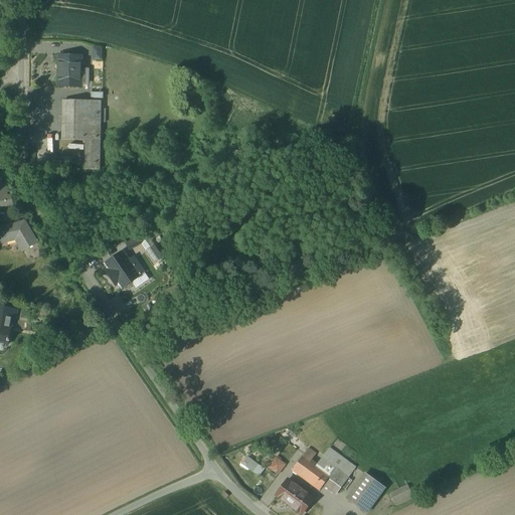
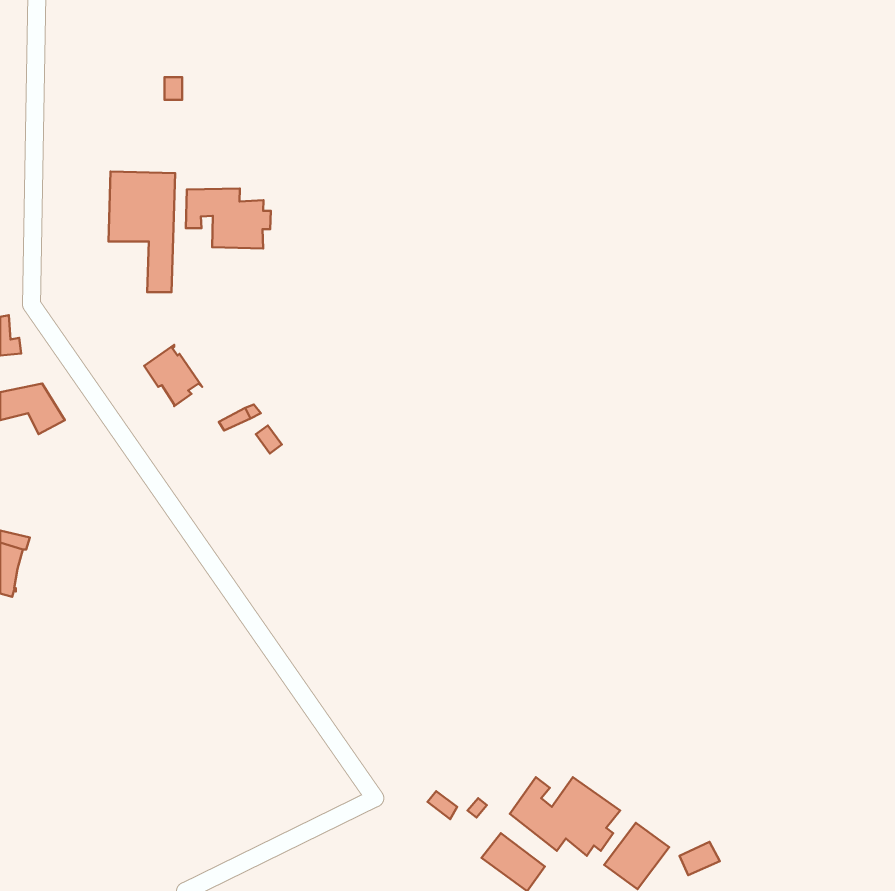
building: [58,54,81,85] -> none
building: none -> [186,189,271,249]
building: [106,250,139,286] -> [144,345,202,406]

